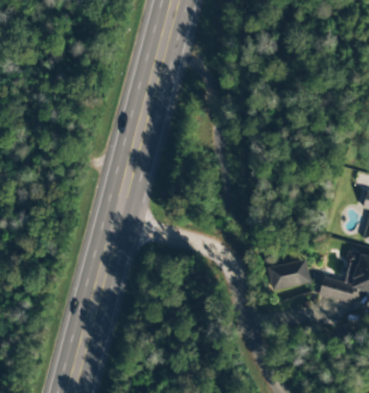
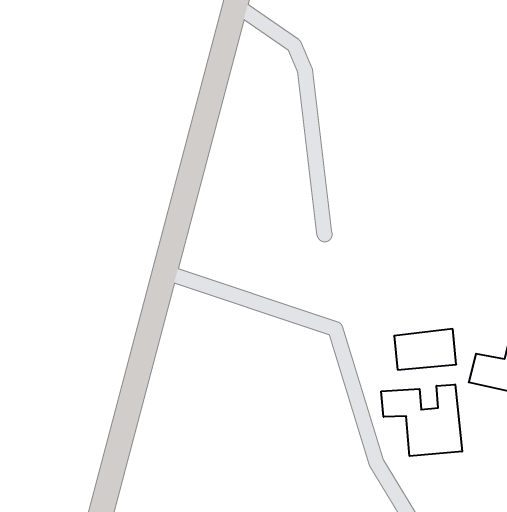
building: none -> [381,384,462,456]

